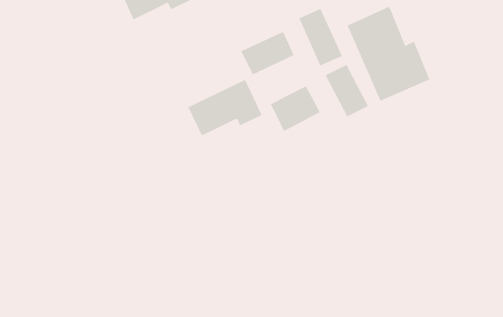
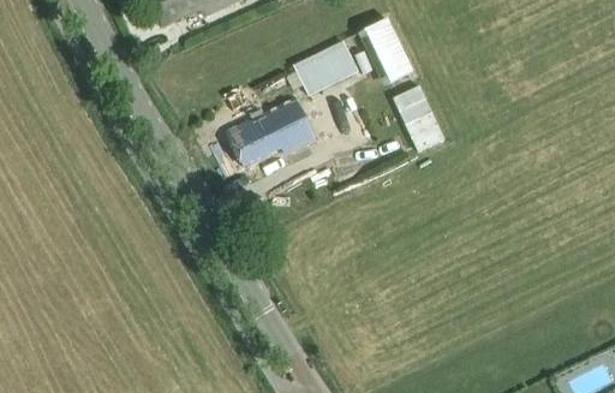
building: [347,6,430,102] -> none
building: [270,86,321,132] -> none

